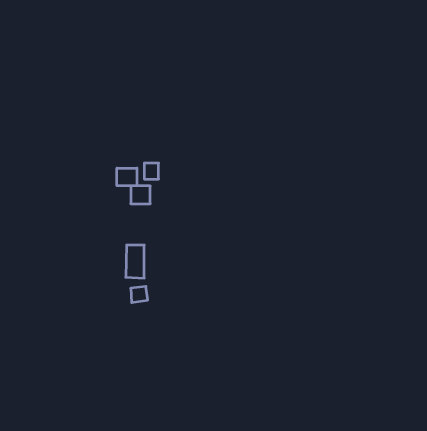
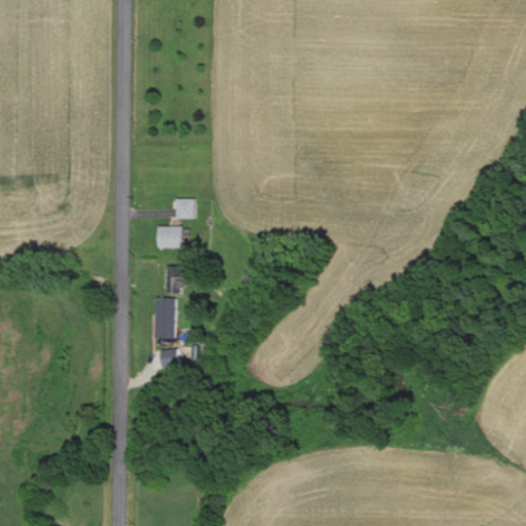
building: [117,168,137,186] -> none
building: none -> [166,267,187,294]

